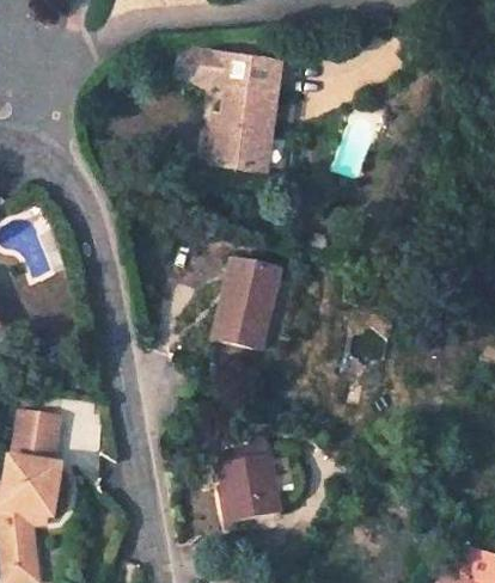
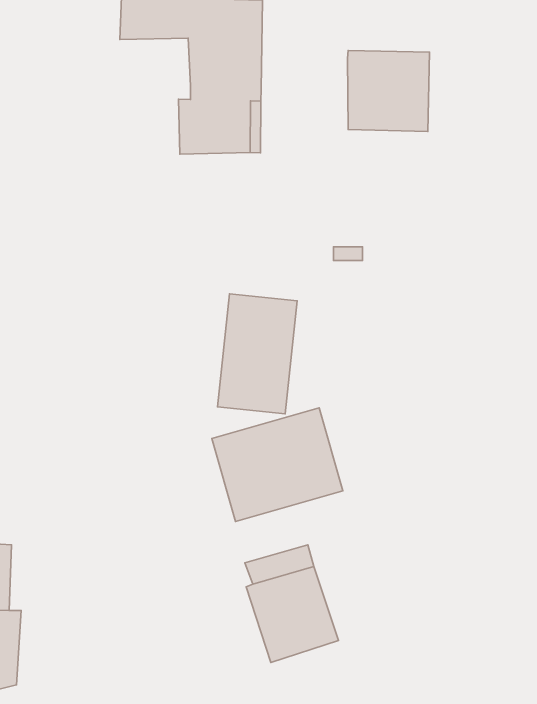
building: none -> [348,51,429,132]
building: none -> [212,408,343,521]

